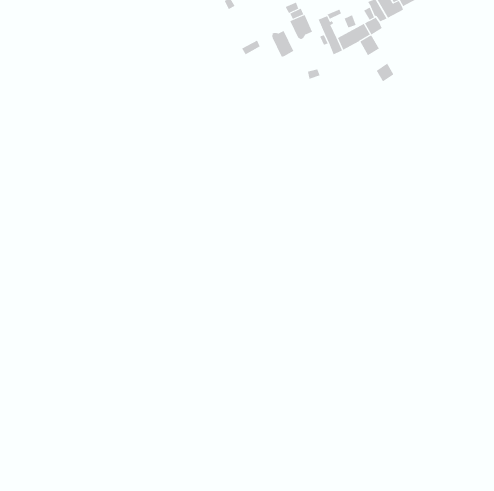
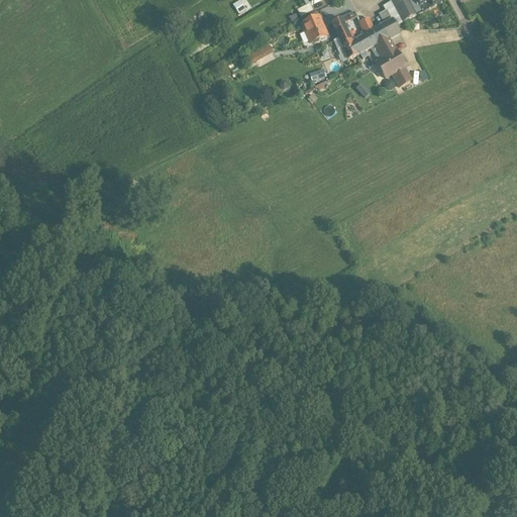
building: [272,30,294,57] -> none
building: none -> [377,50,406,78]

